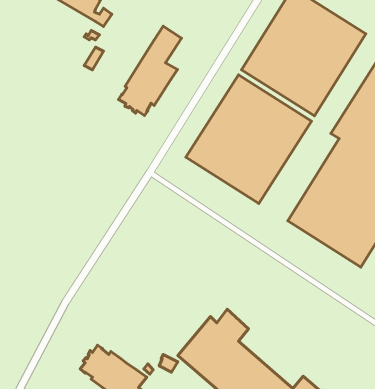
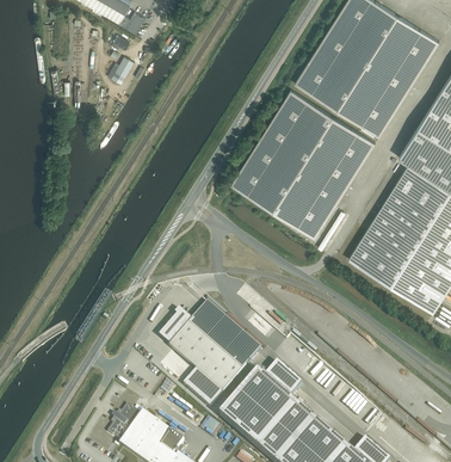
building: [119,26,182,116] -> none
building: none -> [160,300,261,407]

